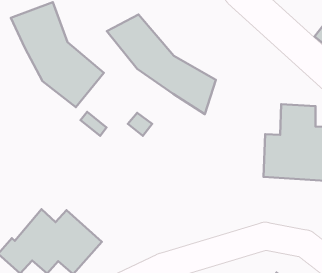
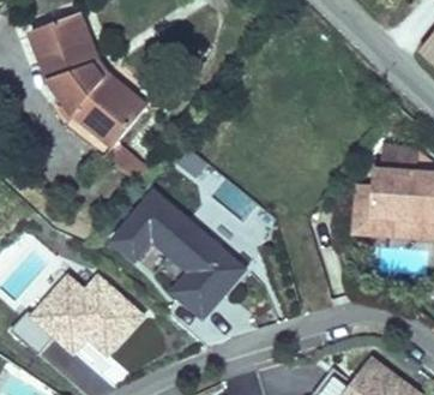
building: [107,15,216,114] -> none
building: none -> [107,182,247,317]

